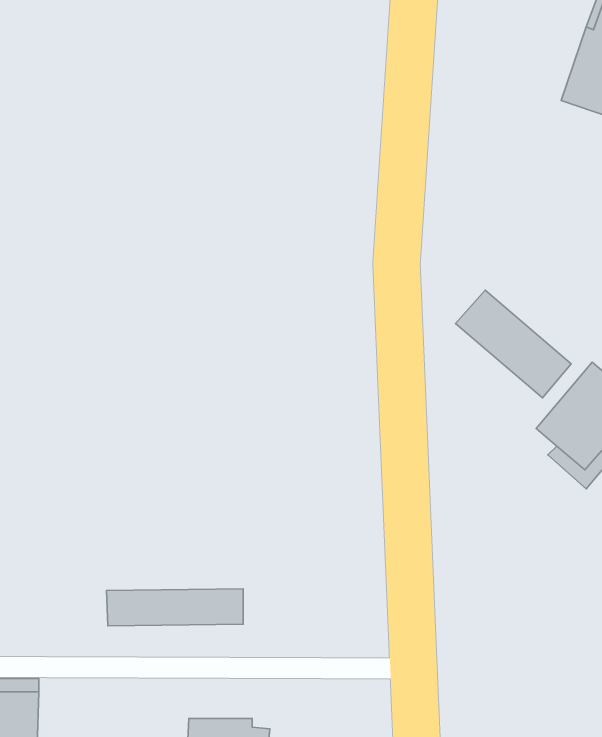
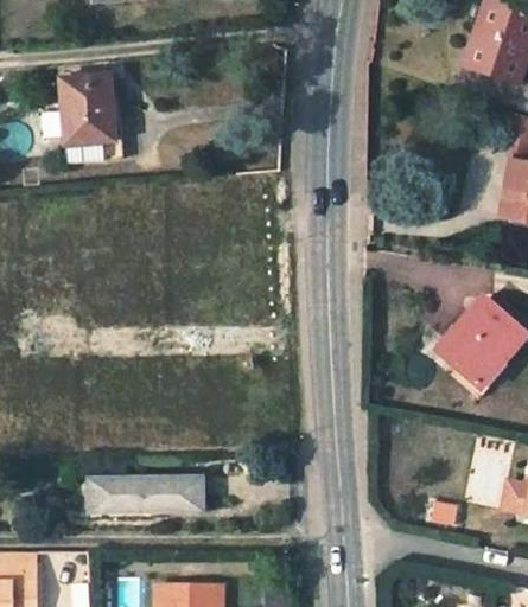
building: none -> [47,76,116,164]
building: [455,290,571,398] -> none

